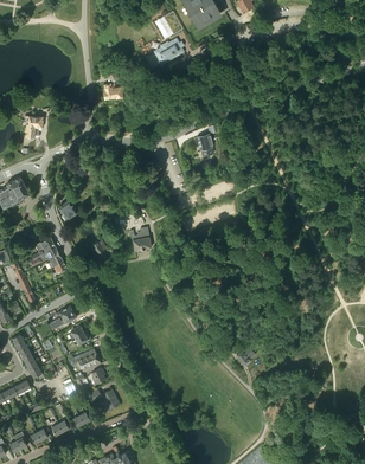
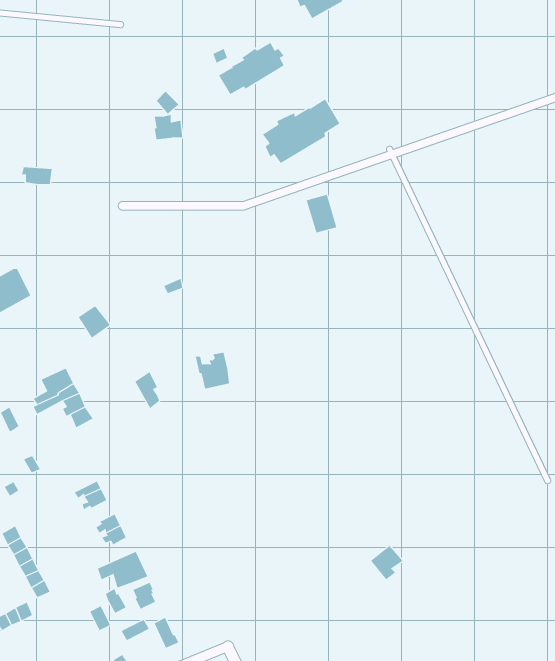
building: none -> [262,98,340,164]

